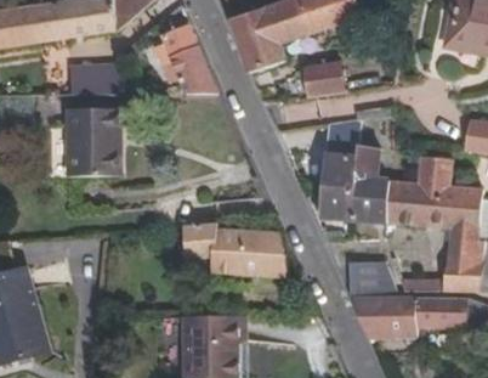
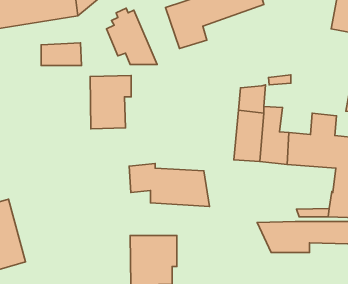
building: [305,57,347,92] -> none
building: [68,107,121,176] -> [90,75,131,129]
building: [348,260,399,298] -> none

